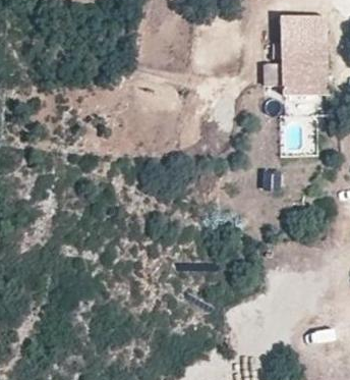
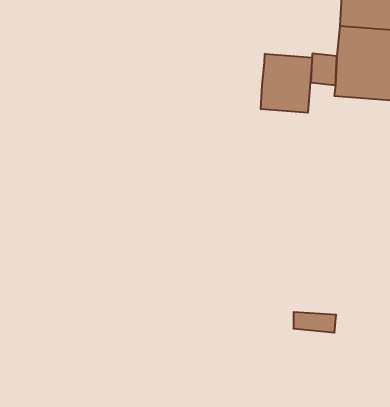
building: none -> [261,54,312,113]

